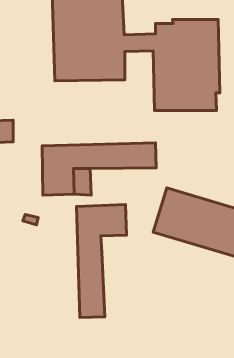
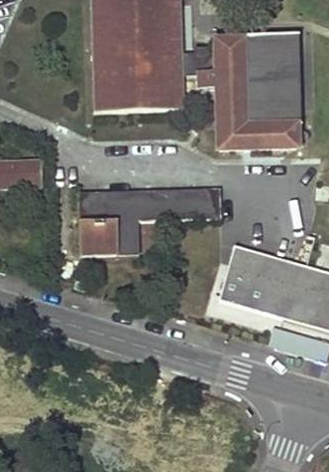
building: [76,204,127,318] -> none

